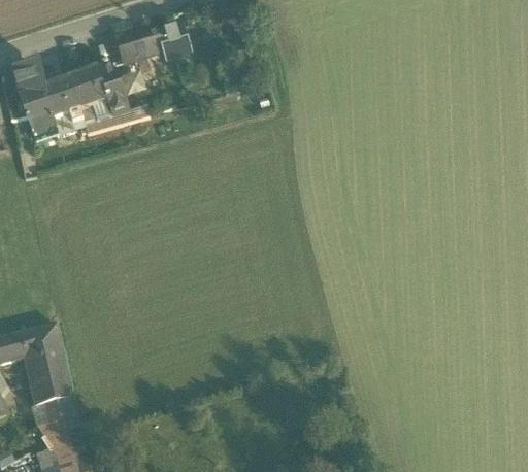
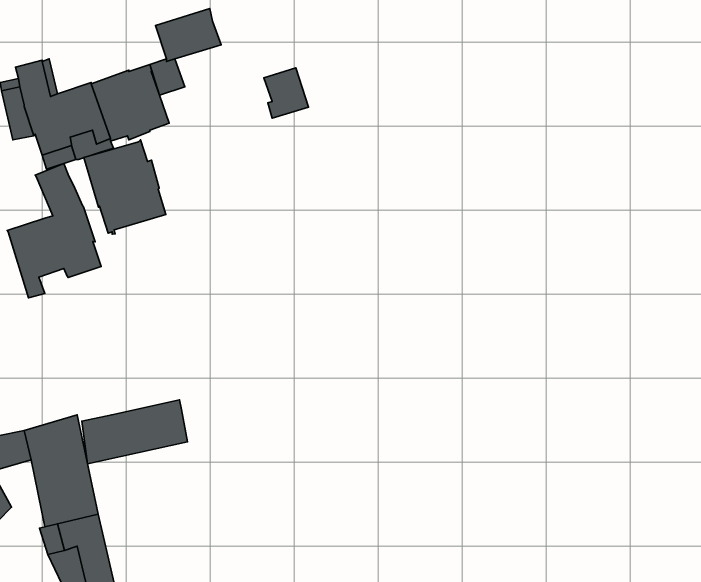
building: [158,24,191,61] -> [264,68,308,118]
building: none -> [84,140,166,234]
building: none -> [7,163,101,298]
building: none -> [82,400,188,464]

